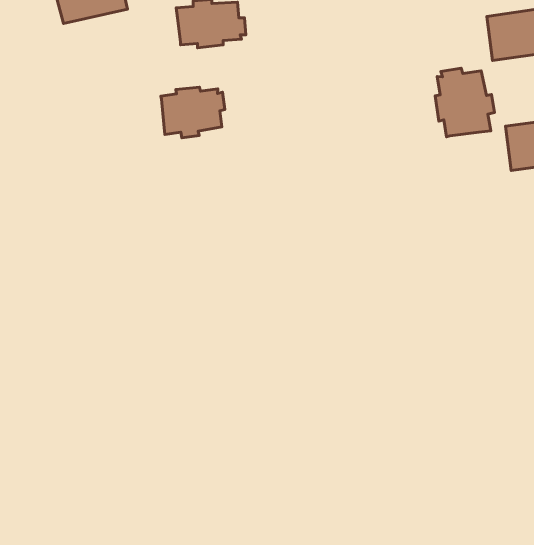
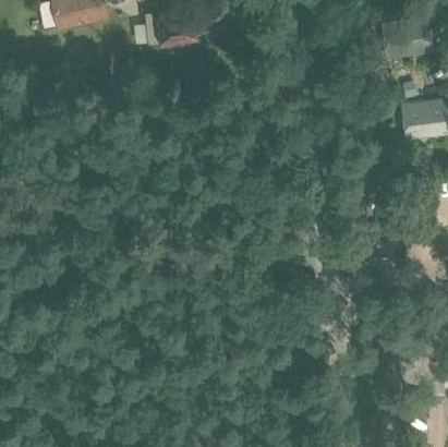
building: [435,68,495,137] -> none
building: [161,87,225,138] -> none

